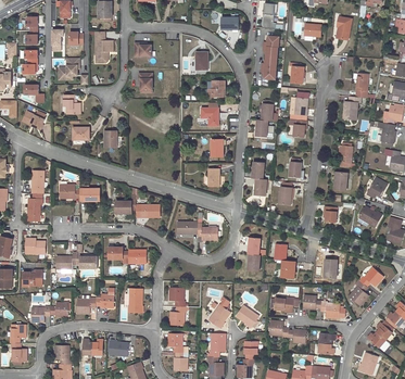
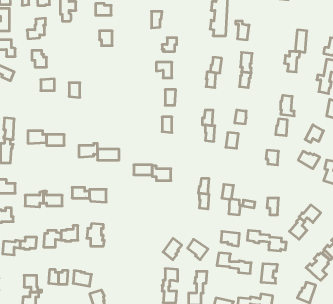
building: [169,287,186,325] -> none
building: [167,333,187,370] -> none

